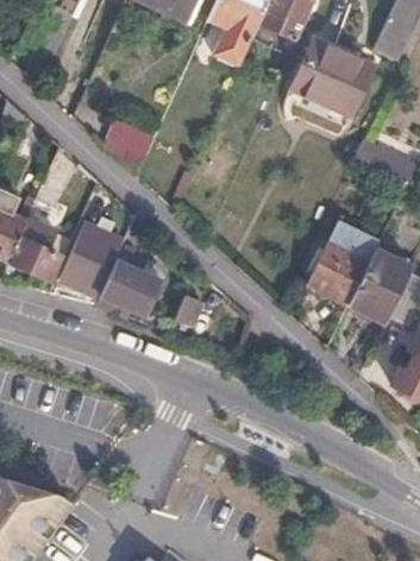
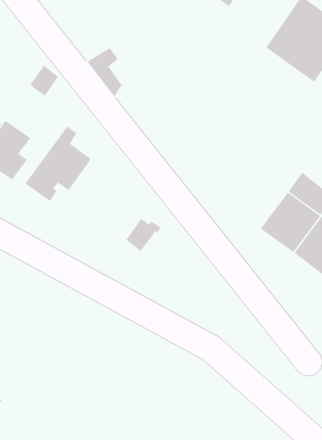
building: [95,250,162,315] -> none

